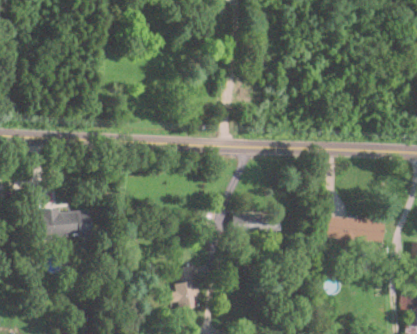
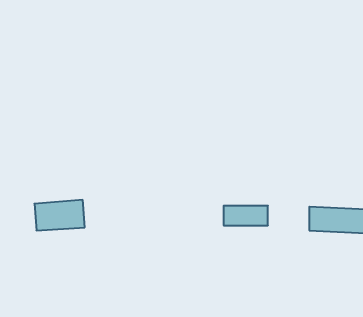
building: [175,266,201,310] -> none

